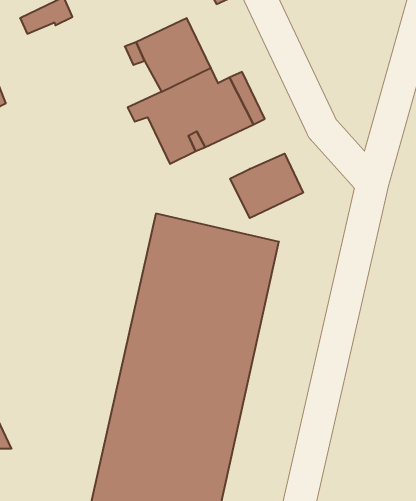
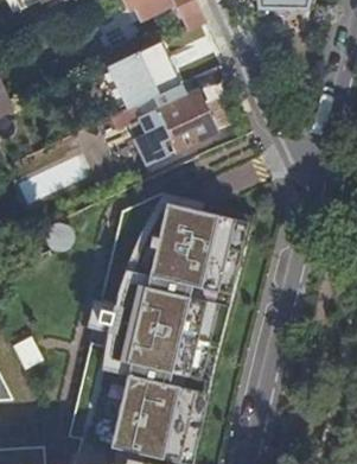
building: [230,154,303,218] -> none

